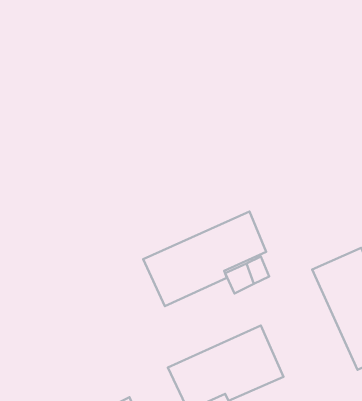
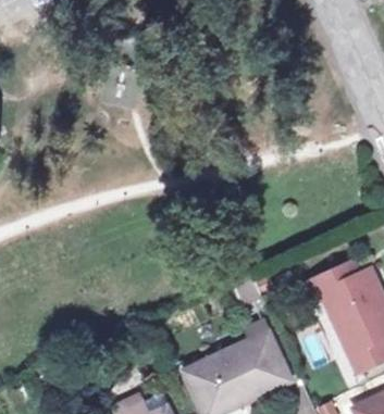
building: [143,212,266,306] -> none

